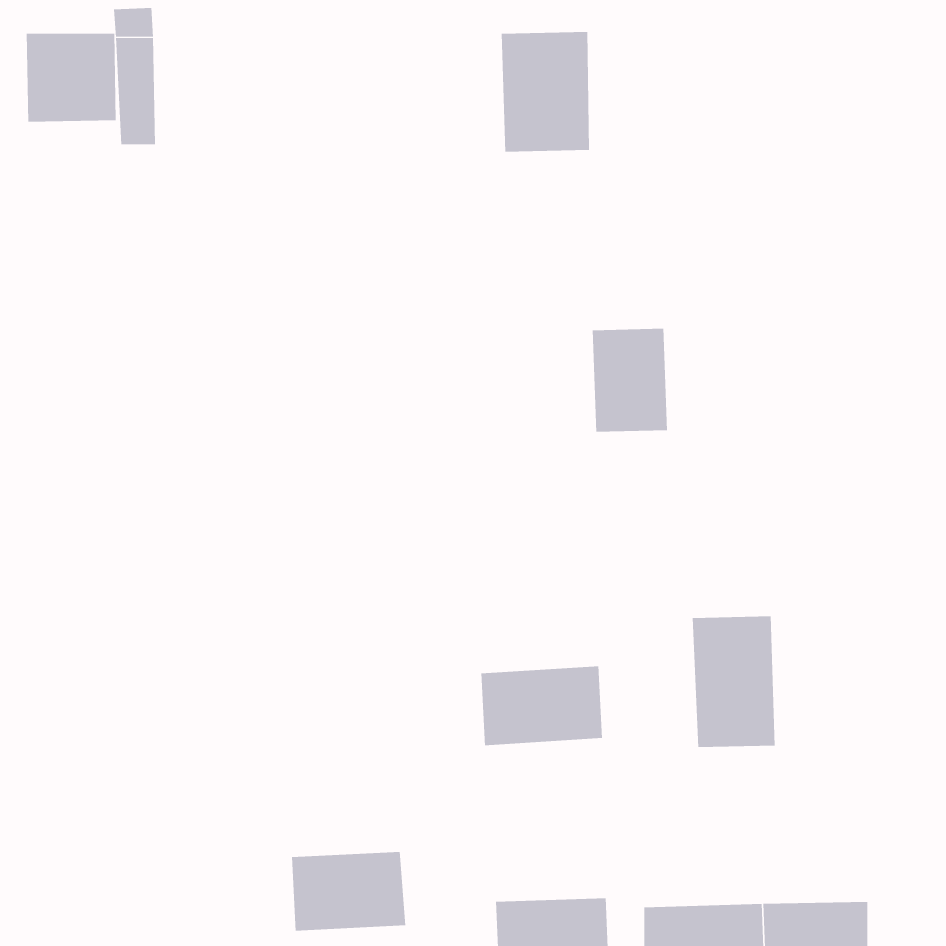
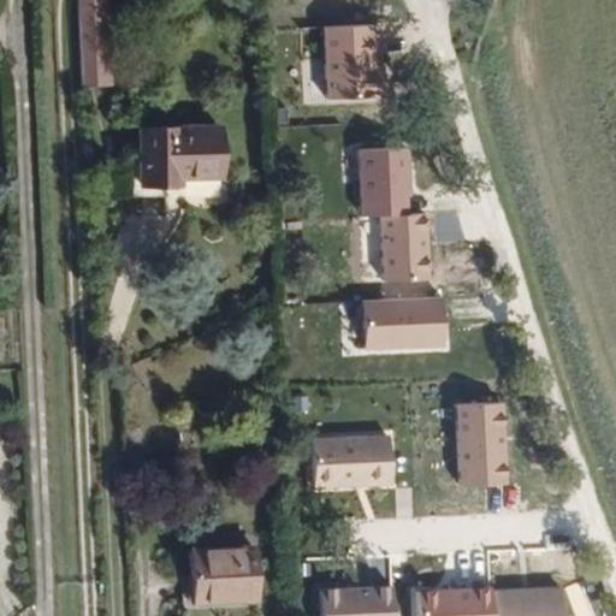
building: [26,33,116,122] -> none
building: none -> [134,132,223,205]
building: none -> [359,146,414,217]
building: none -> [363,298,449,353]

